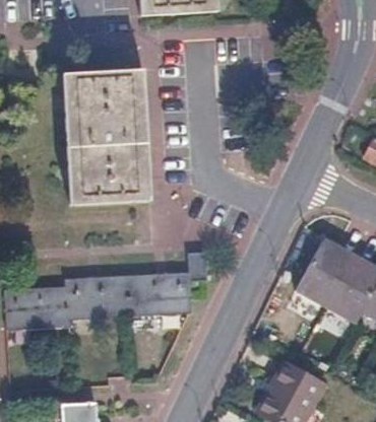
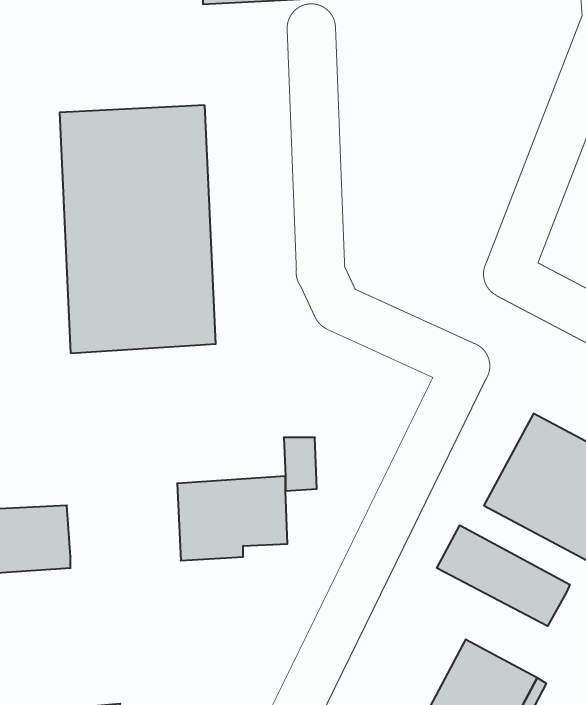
building: [65,277,128,322] -> none
building: none -> [437,525,570,626]

